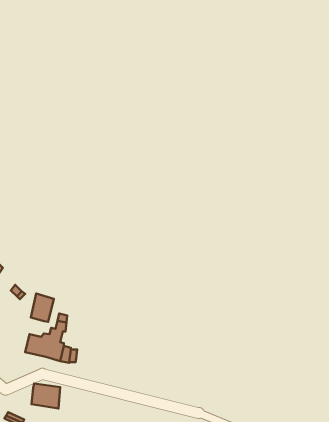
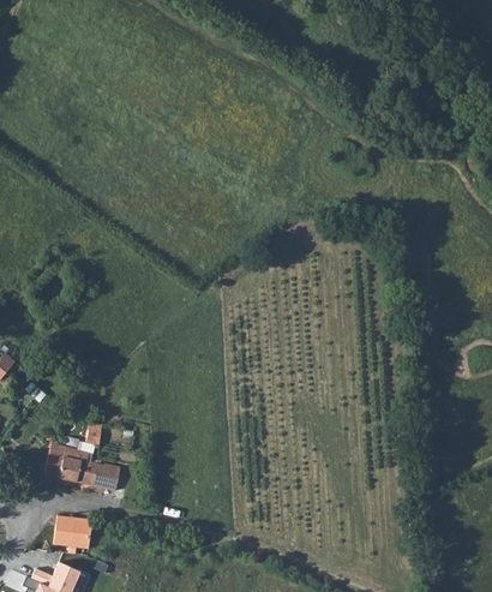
building: [31,293,54,322] -> none

